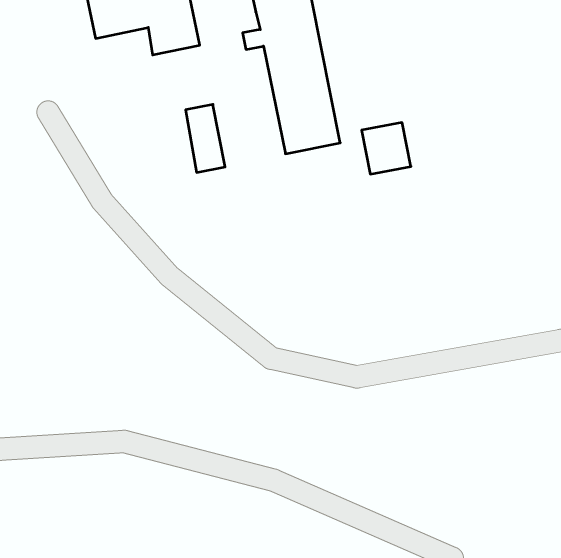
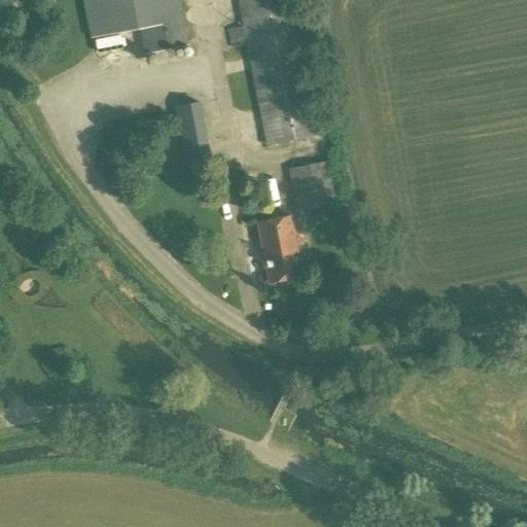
building: [362,123,411,174] -> [288,160,335,208]
building: none -> [256,213,301,282]

